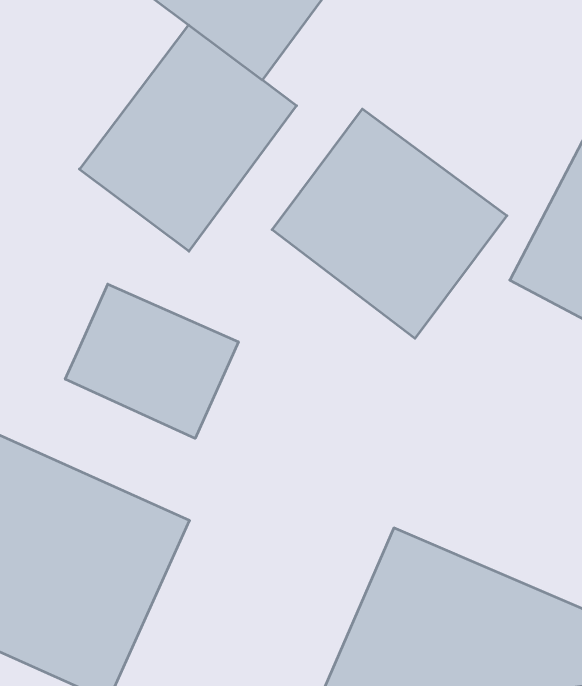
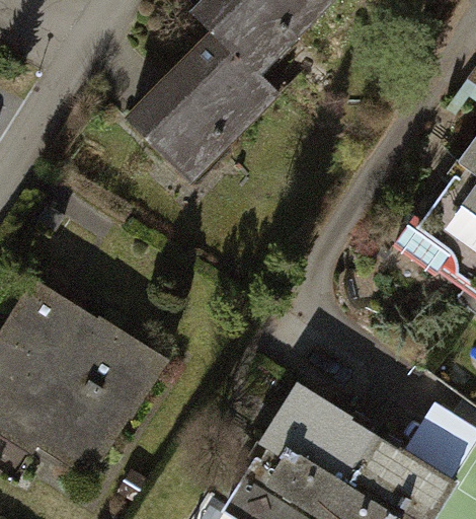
building: [272,109,507,338] -> none
building: [65,284,238,438] -> none

